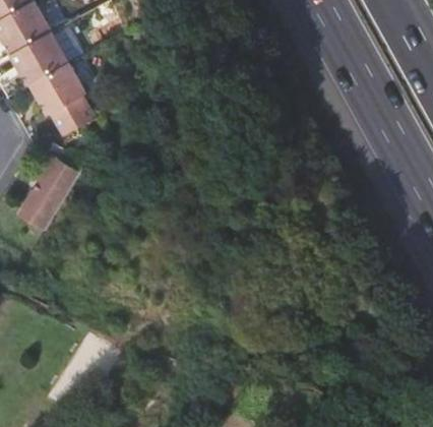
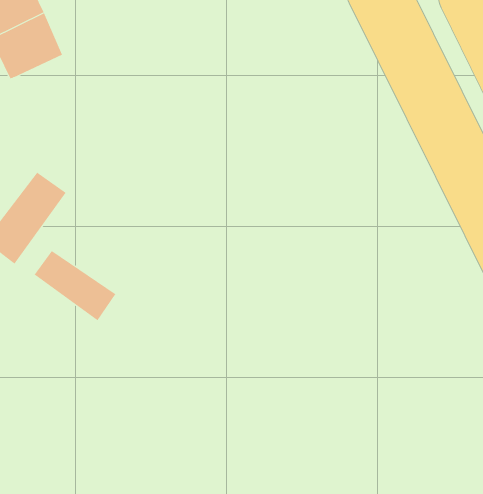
building: [30,63,95,136] -> none
building: none -> [34,250,116,321]

